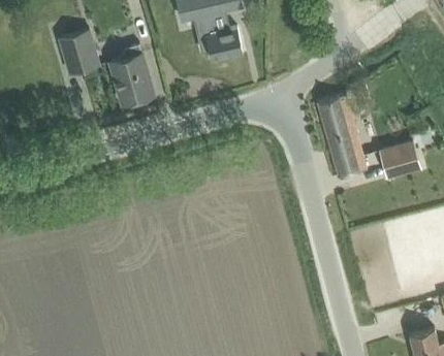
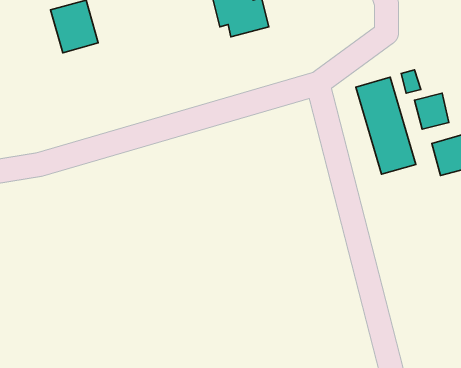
building: [109,44,154,104] -> none
building: none -> [415,93,449,129]

